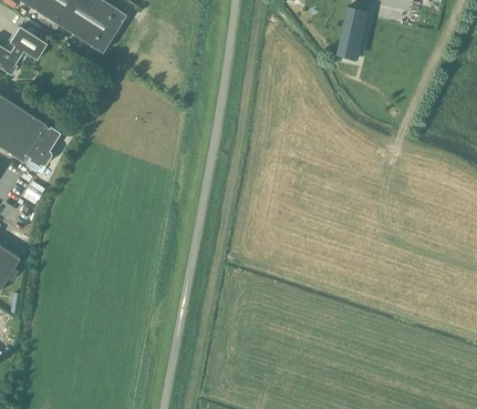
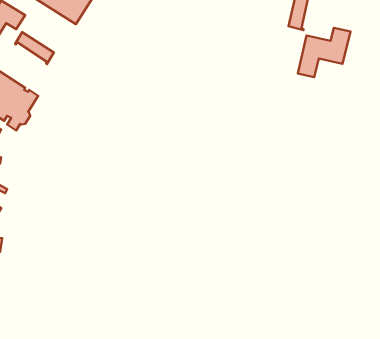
building: none -> [298,28,350,77]
building: none -> [15,32,54,64]

